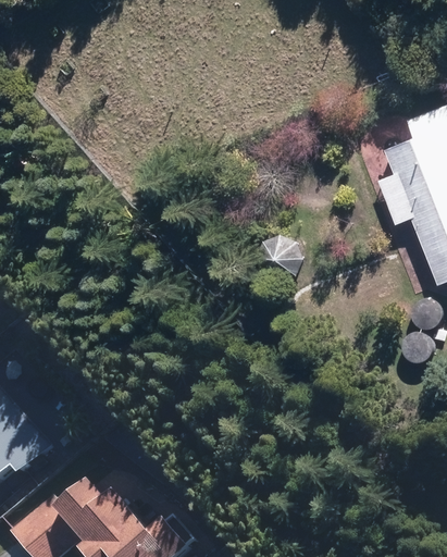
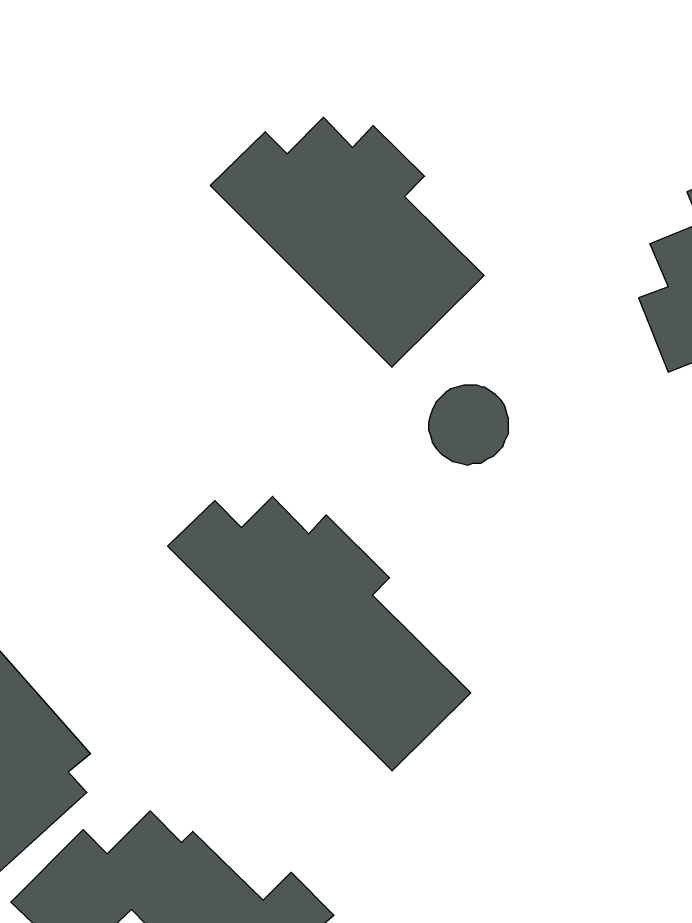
building: none -> [210,117,484,367]
building: none -> [168,496,471,771]

